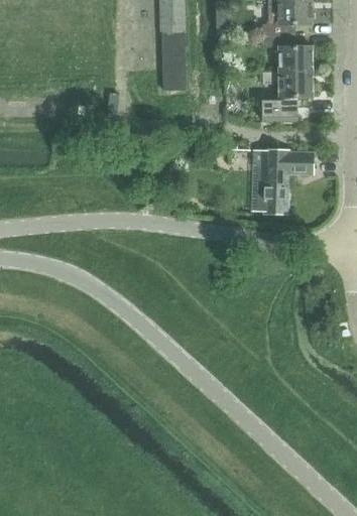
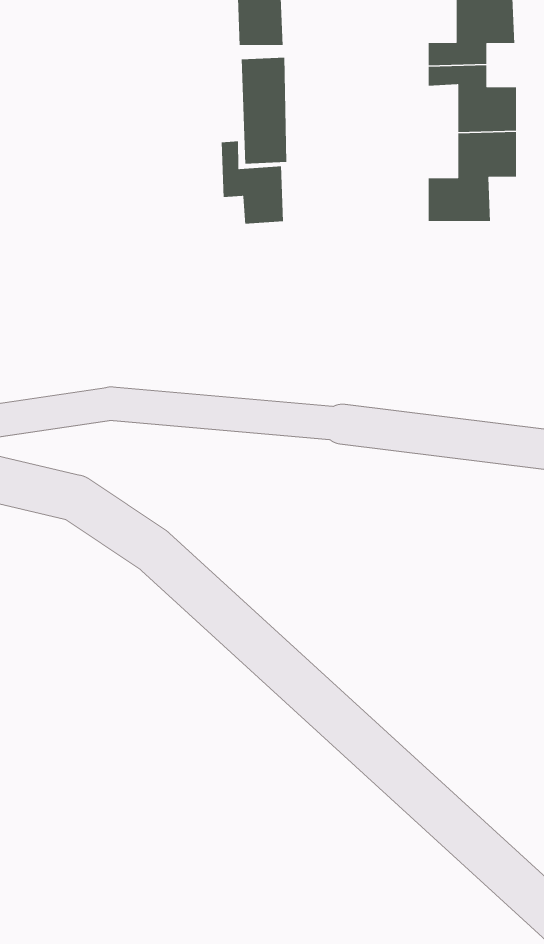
building: none -> [221,140,284,225]
building: [253,149,314,215] -> none

